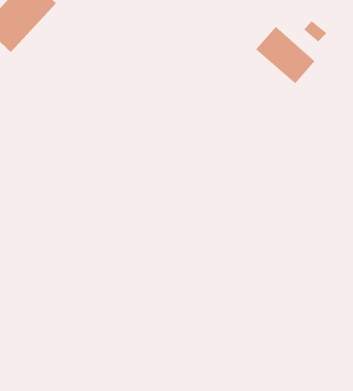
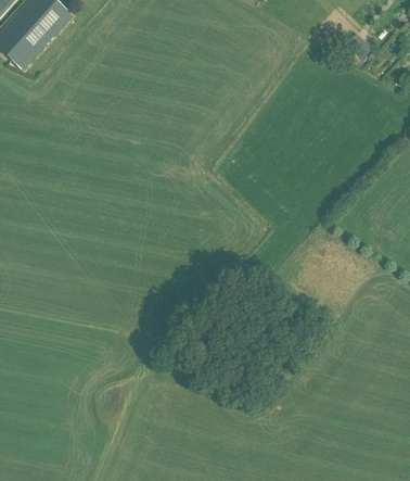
building: [255,26,315,84] -> none

